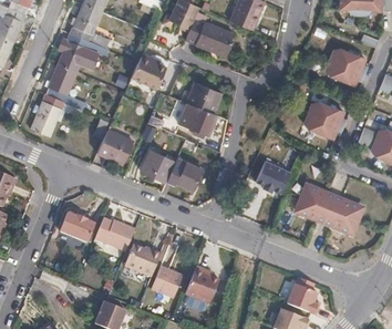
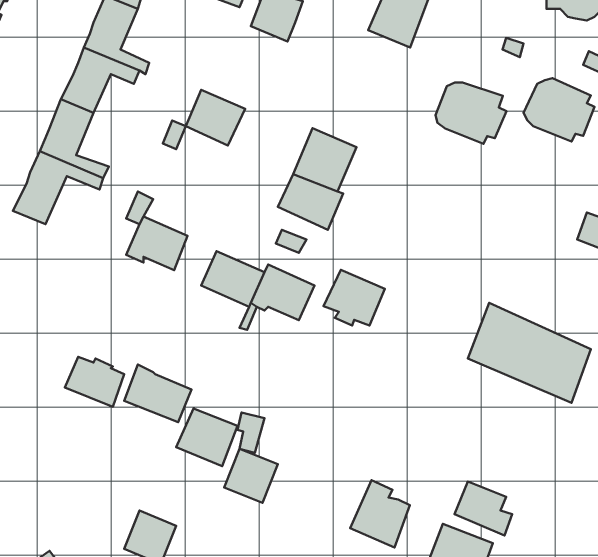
building: [186,18,233,54] -> none
building: [305,104,345,140] -> [435,82,507,144]
building: [256,161,291,193] -> [323,270,385,325]
building: [185,263,219,301] -> [350,480,410,547]

